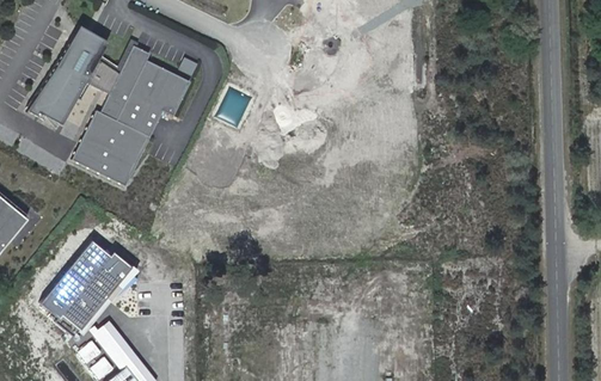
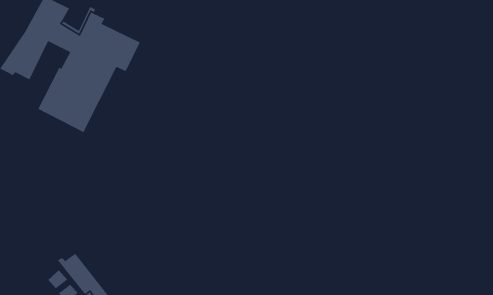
building: [43,242,134,331] -> none

